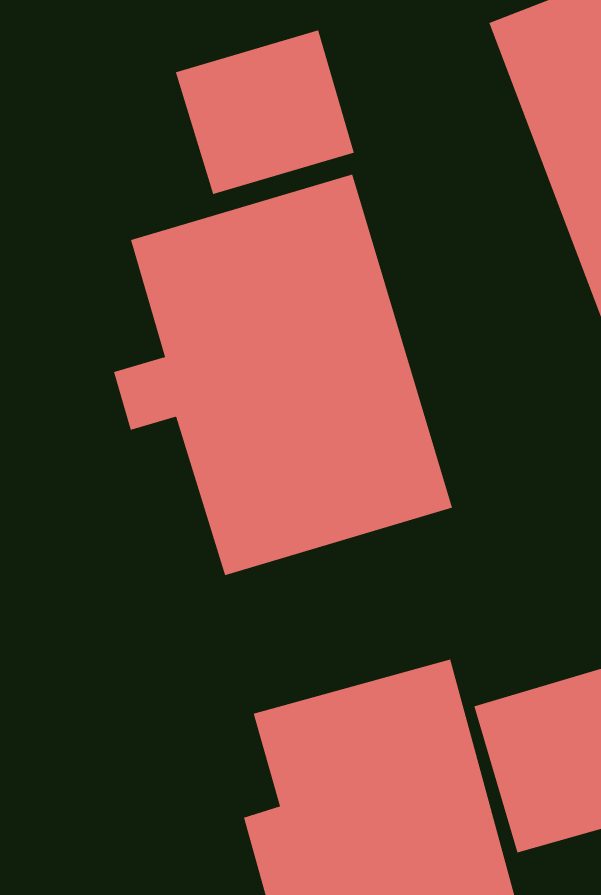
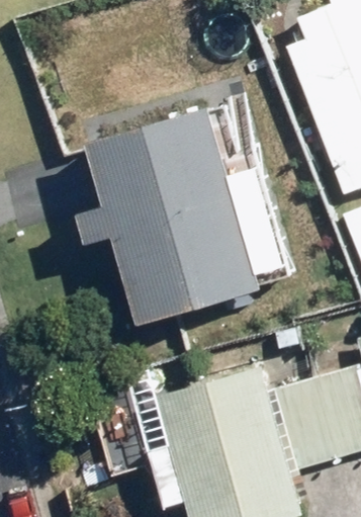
building: [175,29,354,195] -> none

